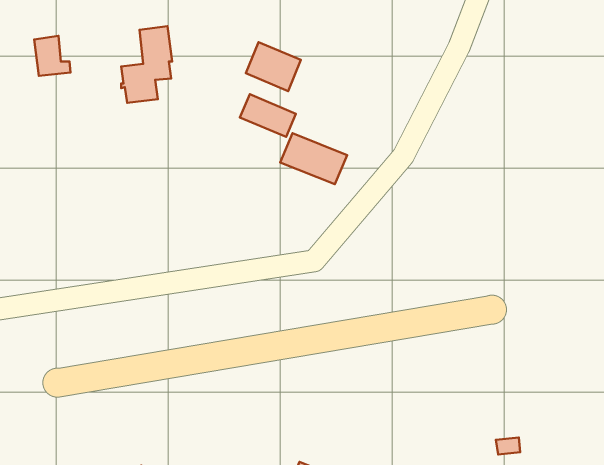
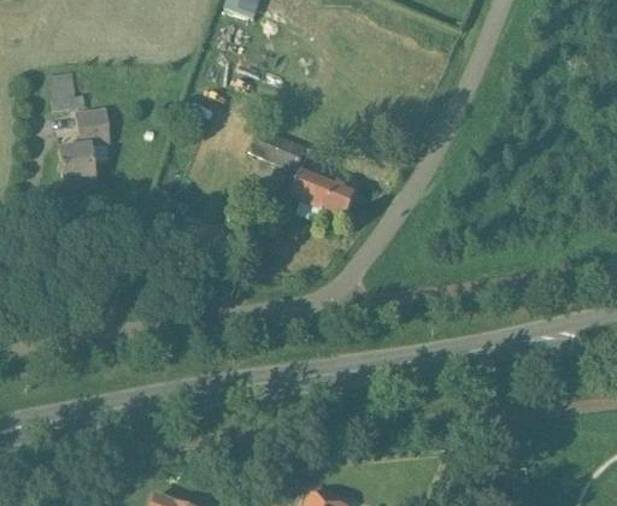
building: [121,26,172,103] -> [58,108,108,184]
building: [246,42,301,91] -> none

